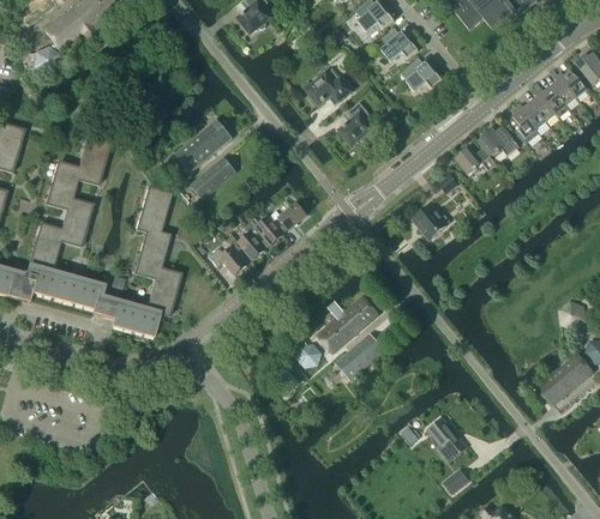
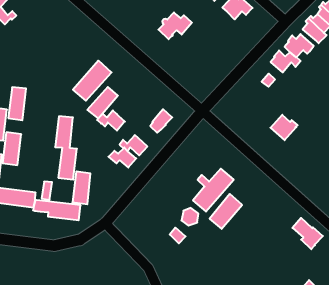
building: [340,101,372,145] -> none
building: [412,203,450,239] -> [270,115,298,140]
building: [245,215,283,243] -> [97,110,125,131]
building: [427,416,468,461] -> [292,218,323,249]

